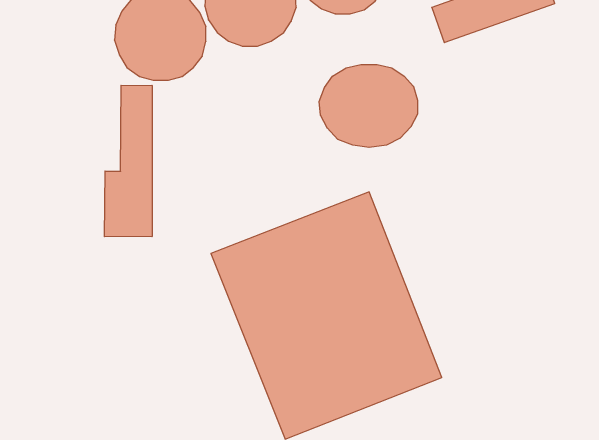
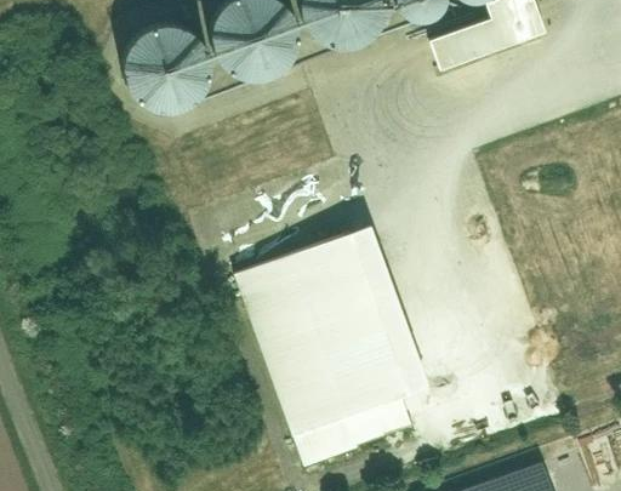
building: [319,65,418,147] -> none
building: [104,85,152,237] -> none

